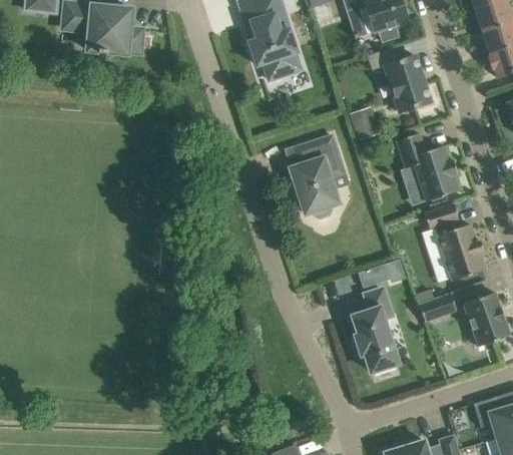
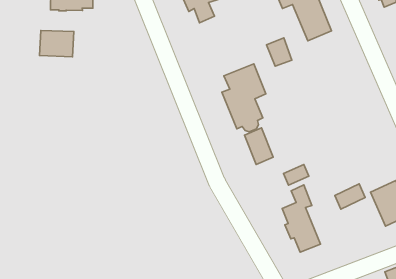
building: none -> [39,30,74,57]
building: [396,132,459,201] -> none
building: [423,203,485,281] -> none
building: none -> [244,128,273,164]

